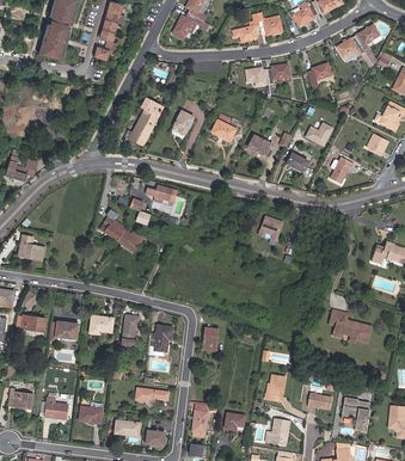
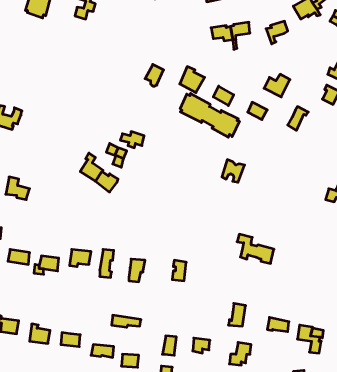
building: [129,98,161,145] -> none
building: none -> [180,93,239,137]
building: [330,311,370,343] -> [237,234,274,263]

